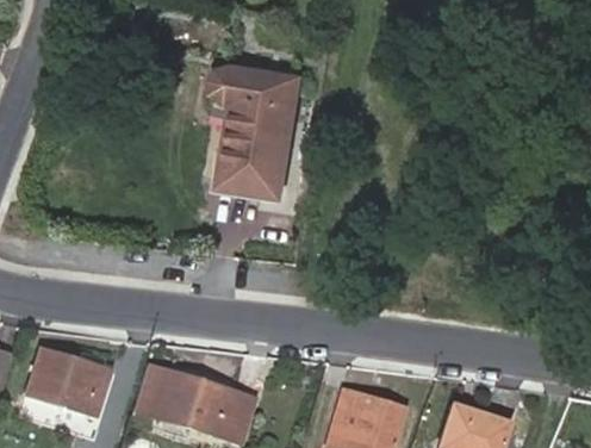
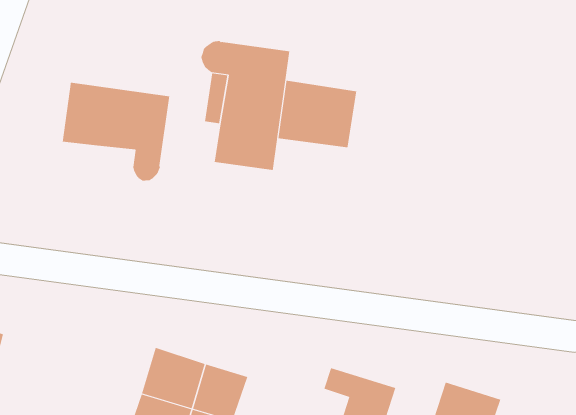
building: none -> [278,80,357,148]
building: none -> [62,82,170,181]
building: [30,350,106,407] -> none

